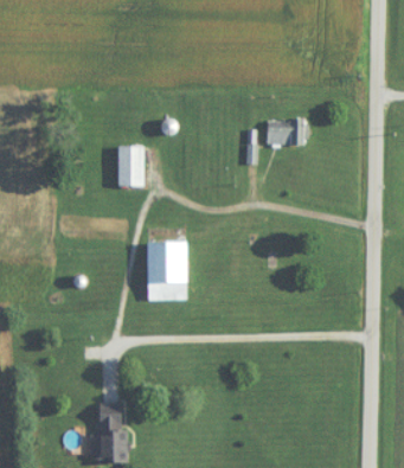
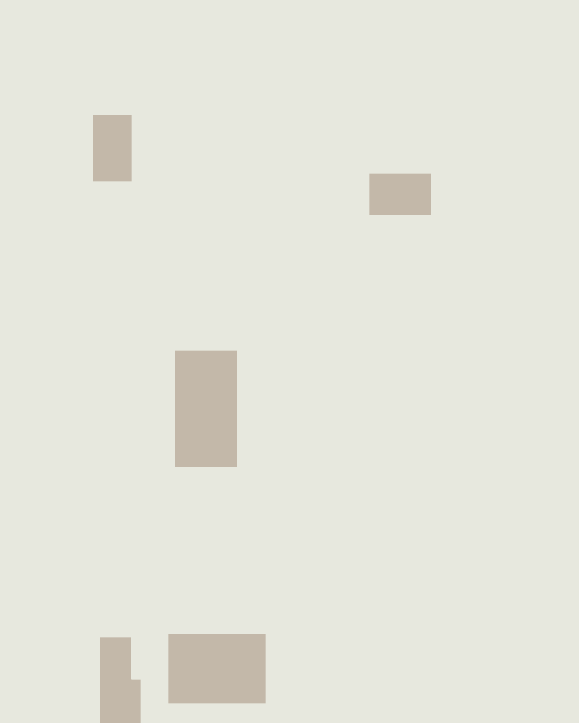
building: [117,146,142,187] -> [92,114,133,182]
building: none -> [168,633,266,704]

